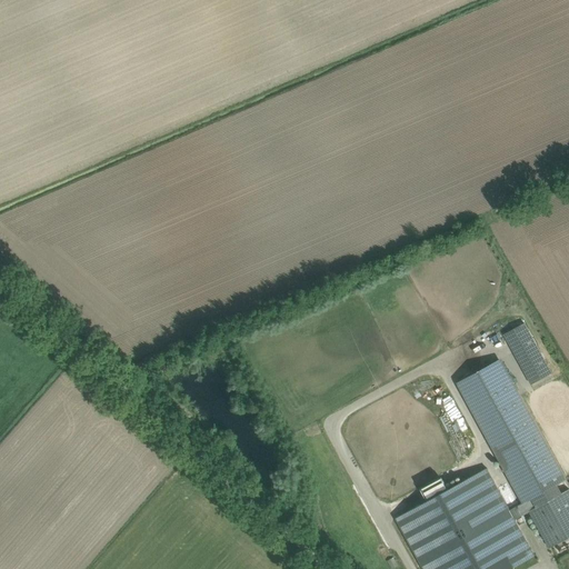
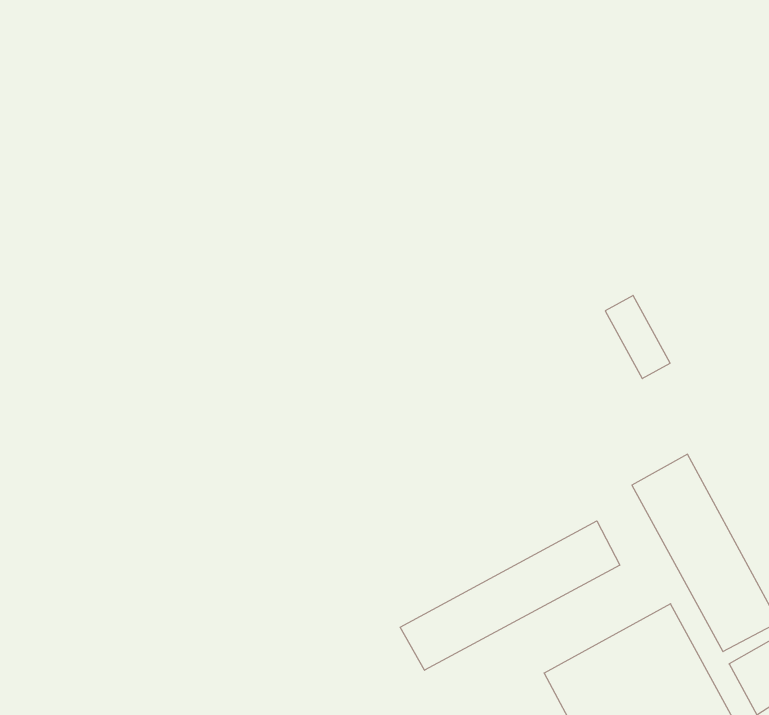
building: [503,323,550,383] -> [605,295,670,379]
building: none -> [400,521,620,670]

